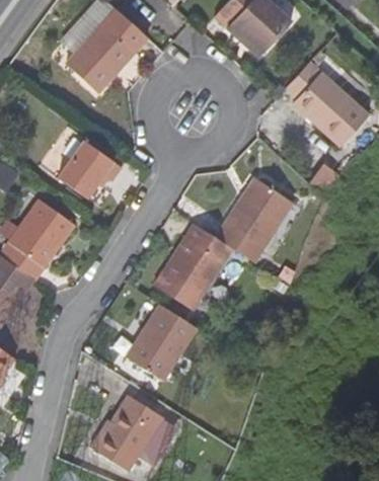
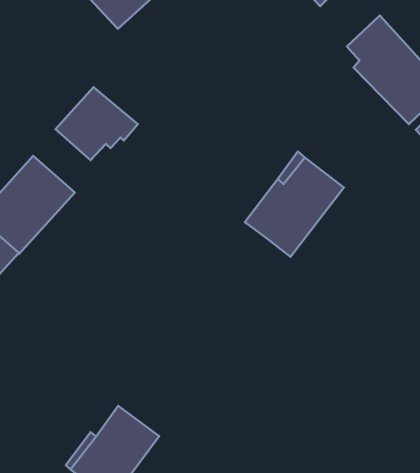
building: [155,223,232,309] -> none
building: [126,303,197,380] -> none

